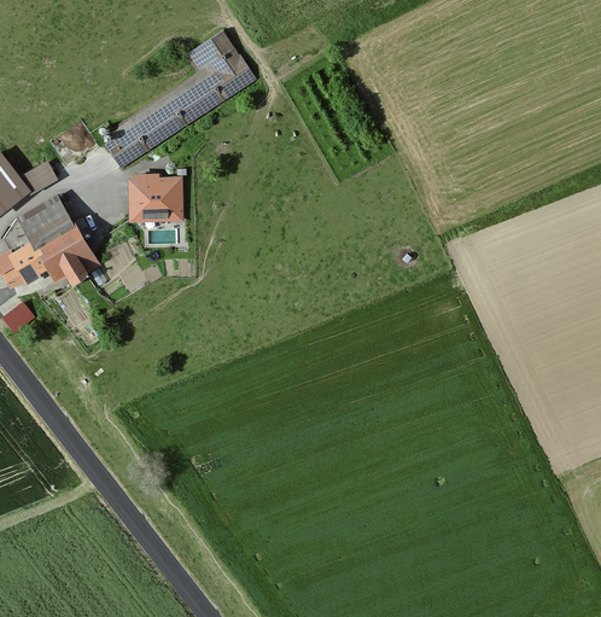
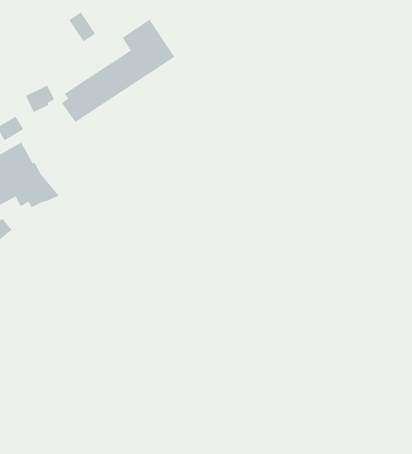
building: none -> [68,12,96,42]
building: [126,173,183,222] -> none

